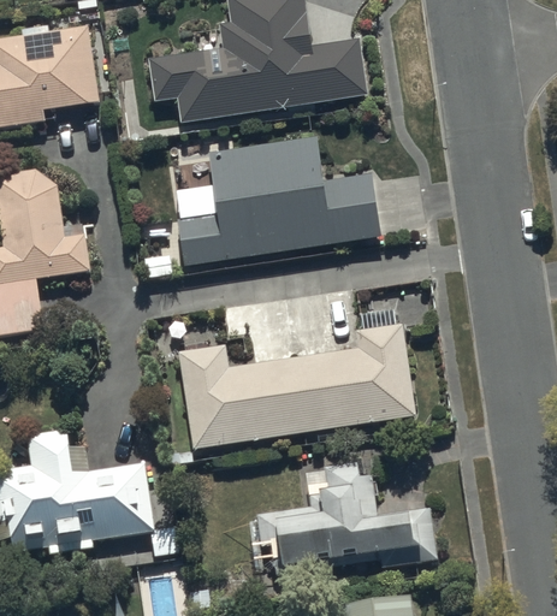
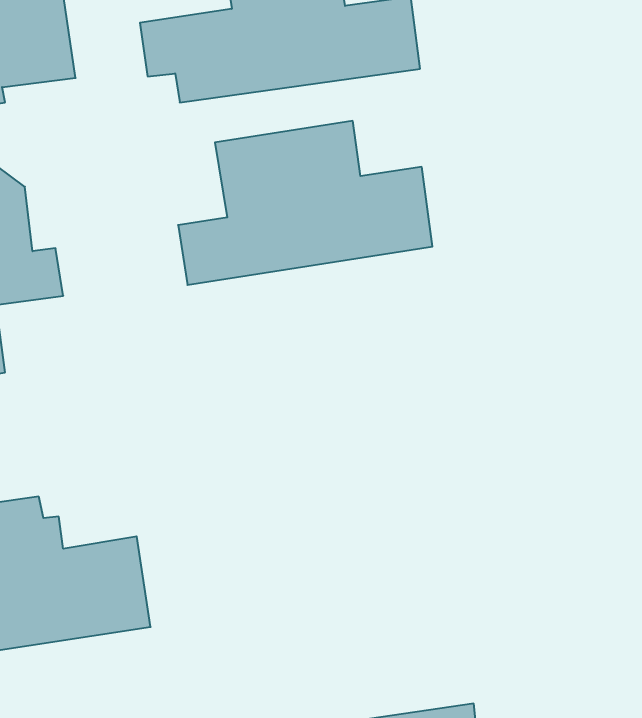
building: [177,321,415,449] -> none
building: [255,461,438,574] -> none

